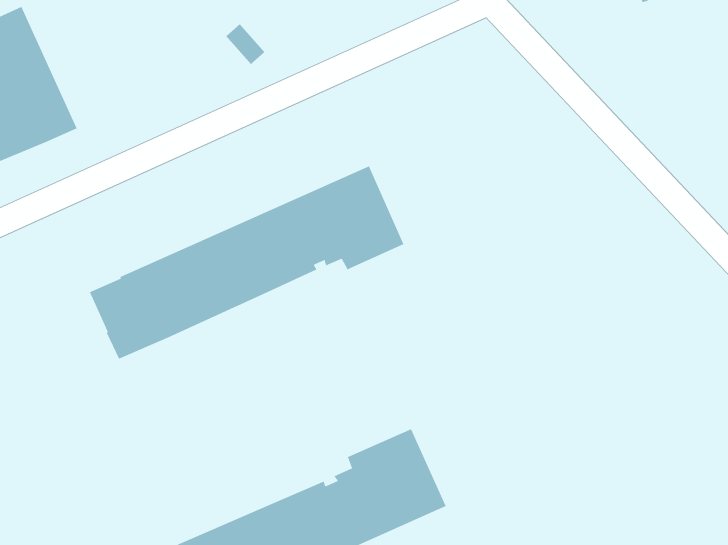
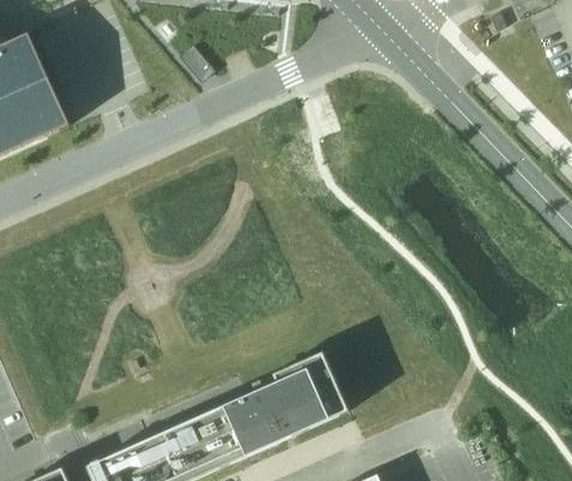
building: [89,166,404,360] -> none

